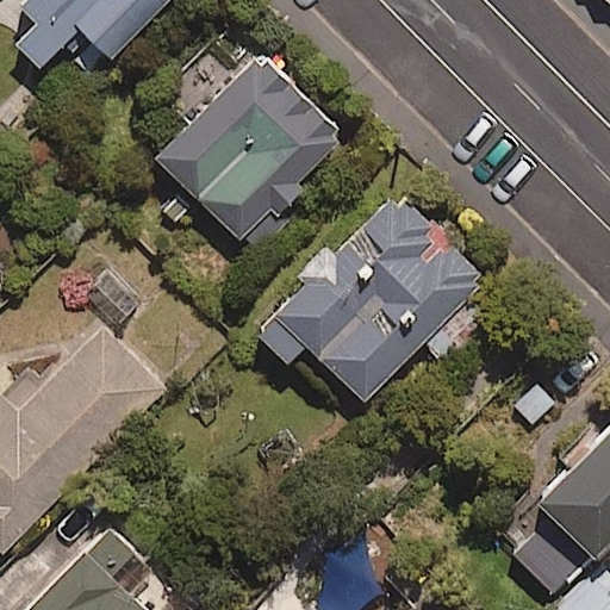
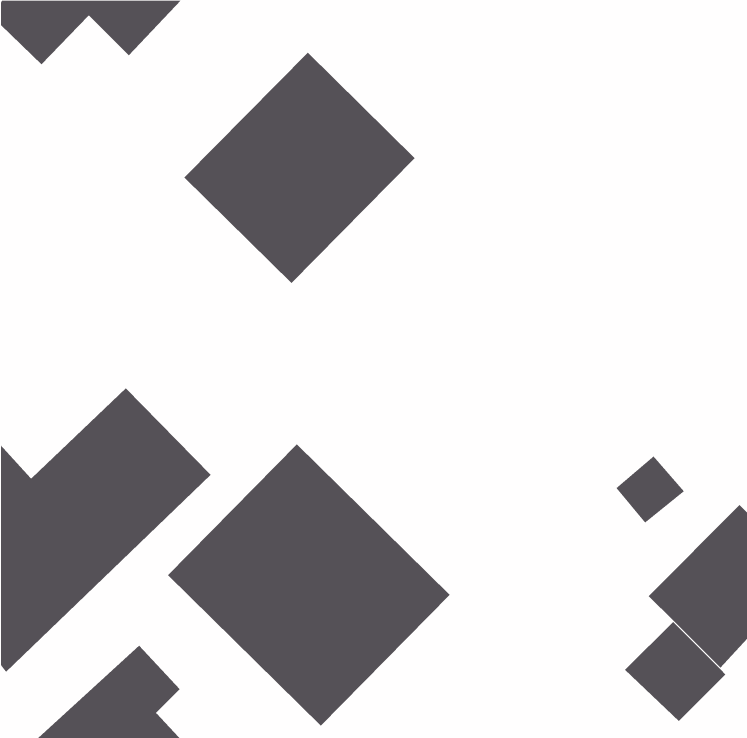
building: [250,182,487,399] -> none
building: none -> [167,444,451,726]

